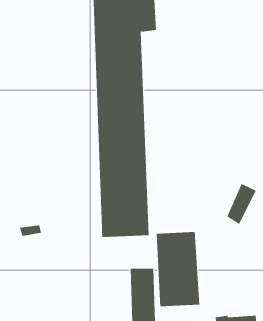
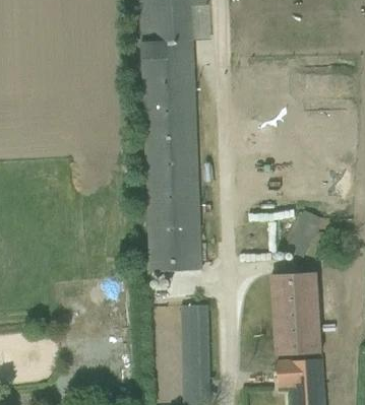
building: [156,232,200,307] -> [270,271,320,355]

